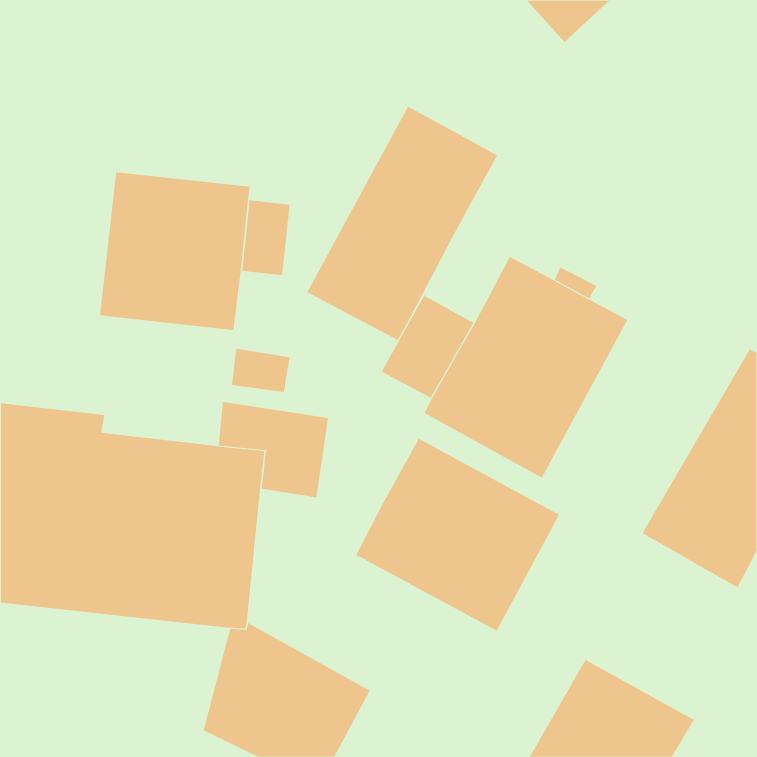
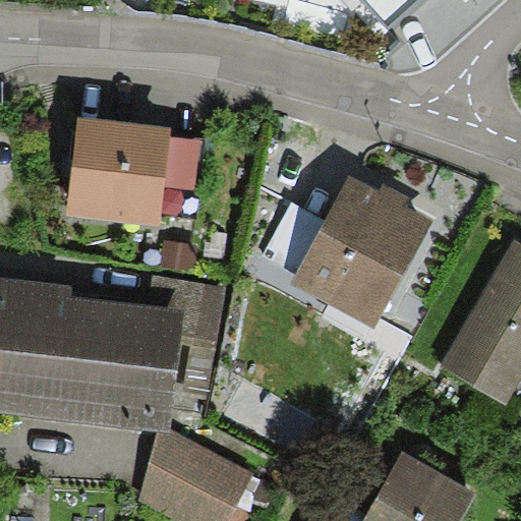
building: [307,106,498,341] -> none
building: [356,438,560,632] -> none

